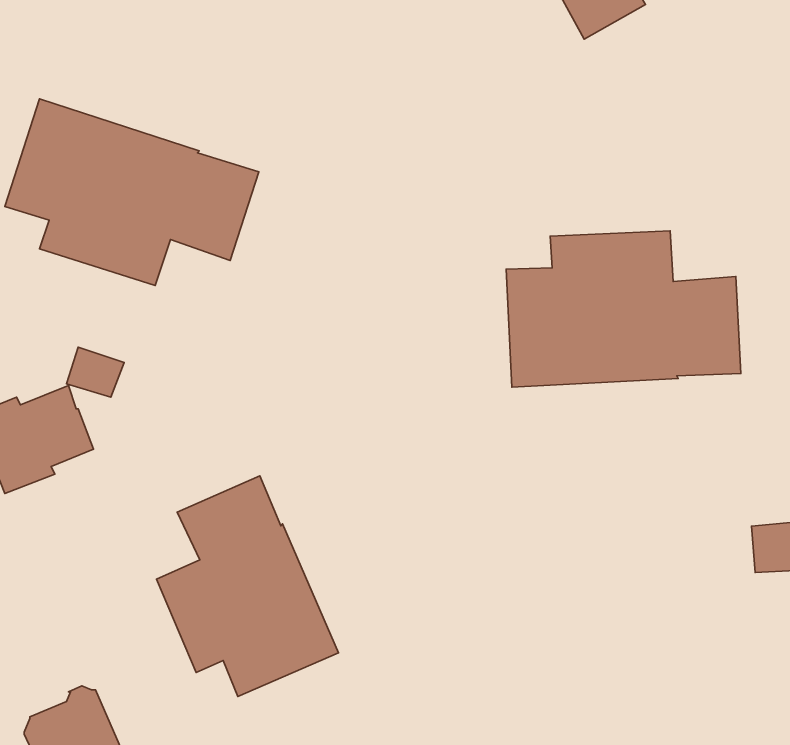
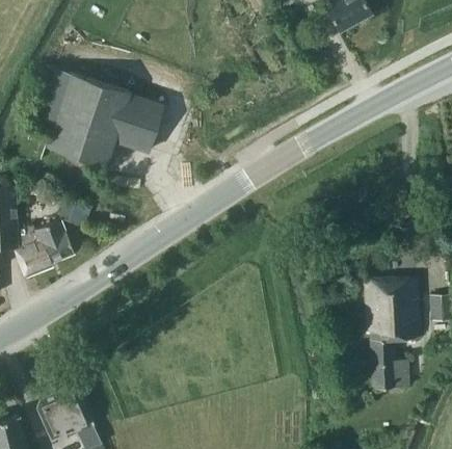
building: [506,231,741,387] -> none
building: [157,476,339,696] -> none
building: none -> [362,276,420,389]

